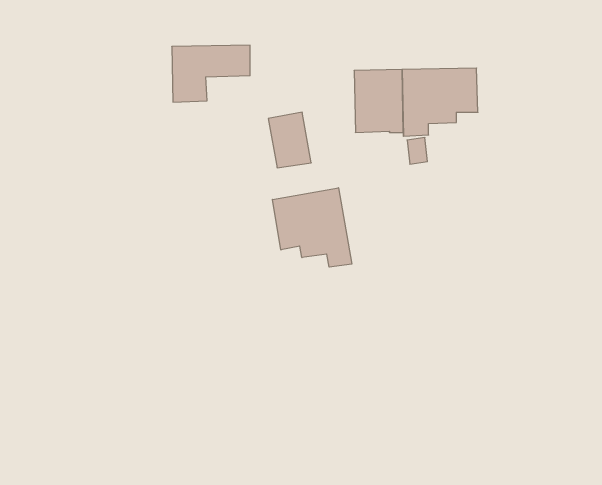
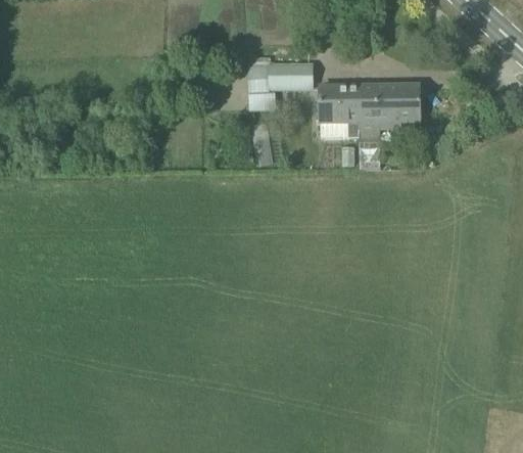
building: [172,45,250,102] -> [248,62,312,108]
building: [272,188,352,267] -> none

